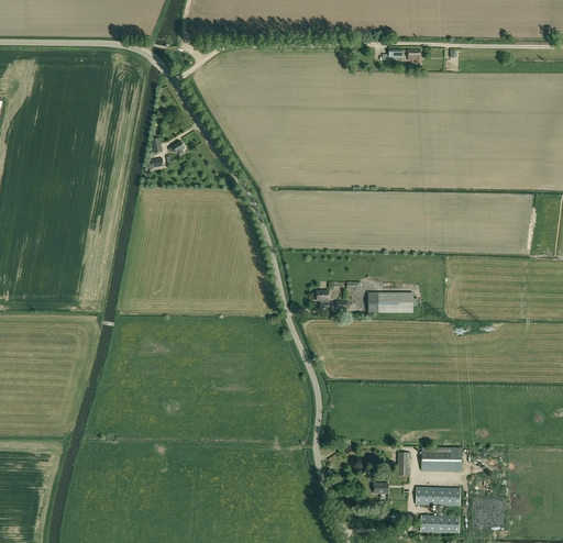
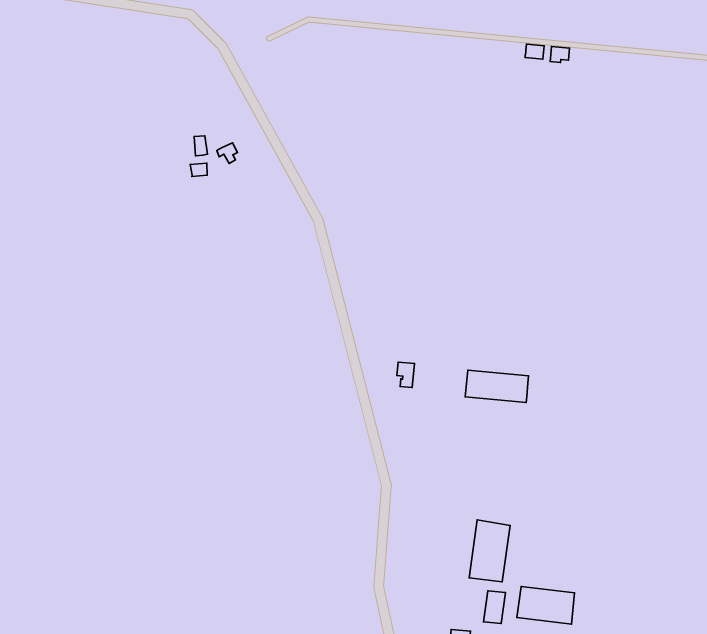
building: none -> [469,520,510,582]

